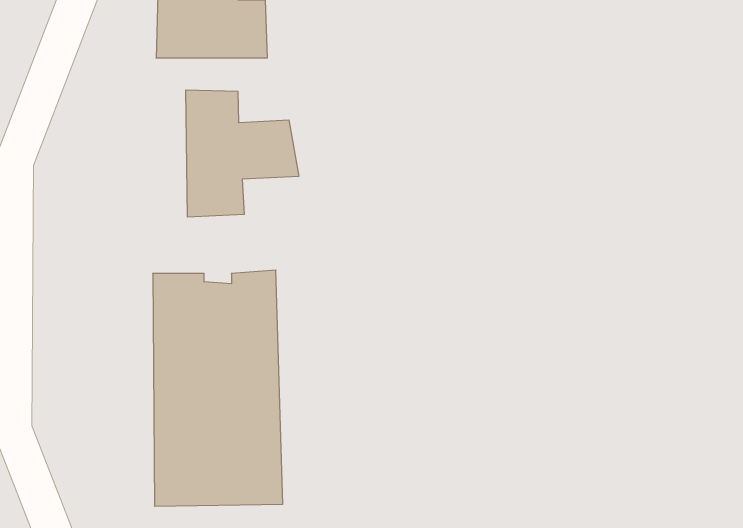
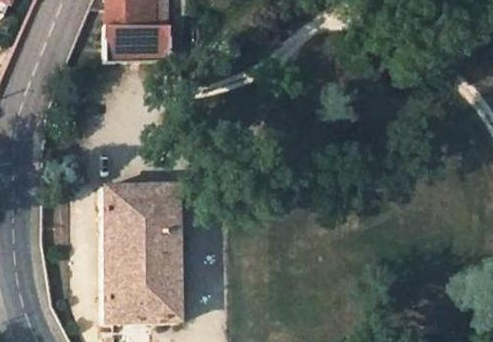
building: [186,90,299,217] -> none

